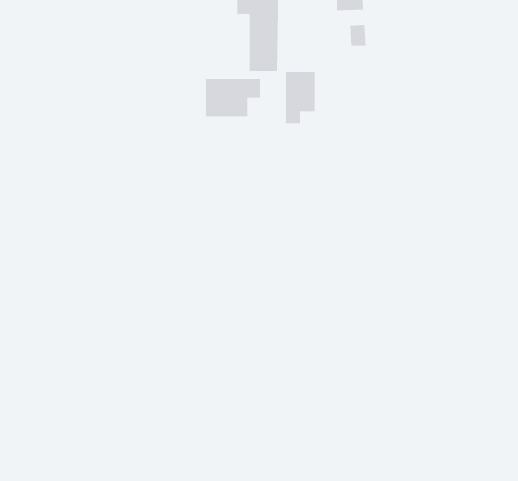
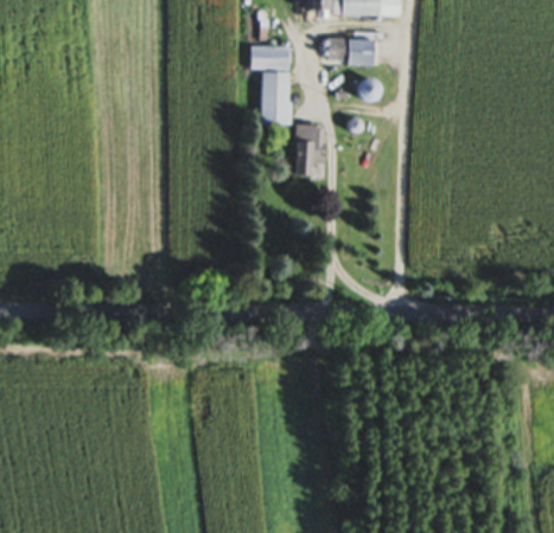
building: [206,78,261,117] -> none

